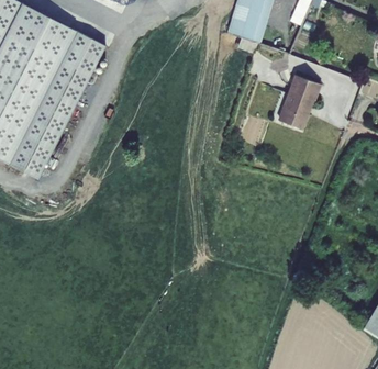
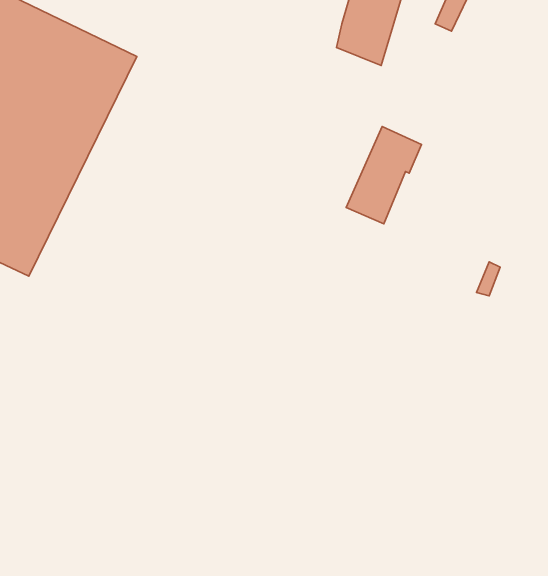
building: [276,74,322,133] -> [346,126,422,224]

